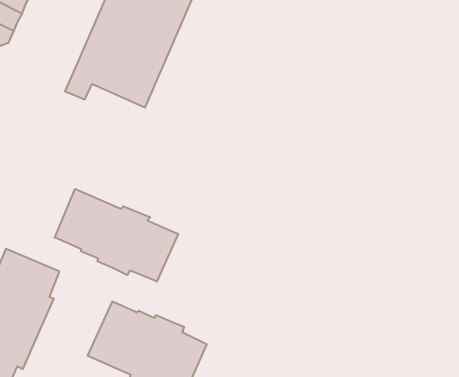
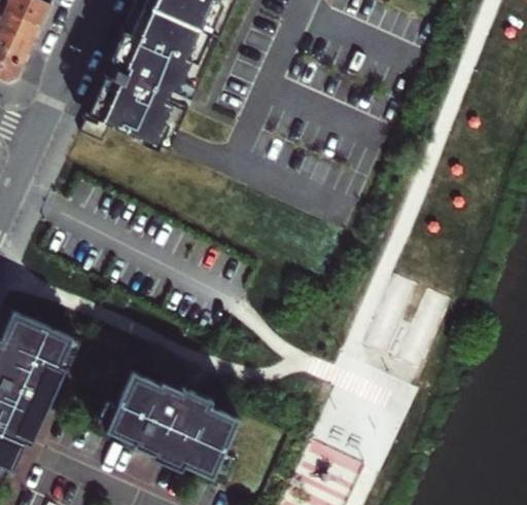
building: [55,189,178,282] -> none

